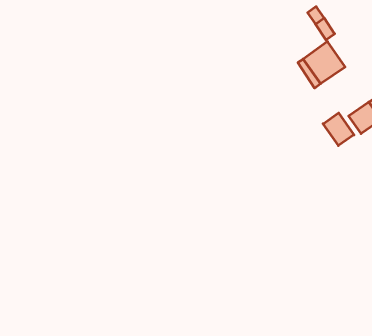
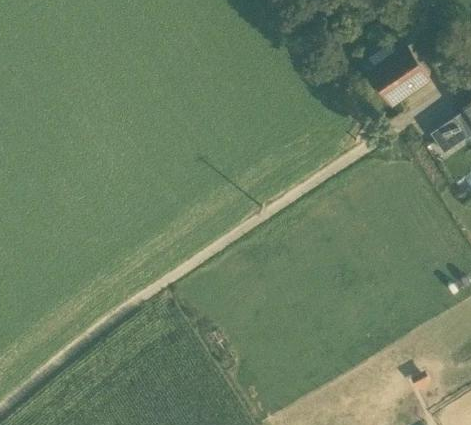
building: [323,113,354,146] -> none

